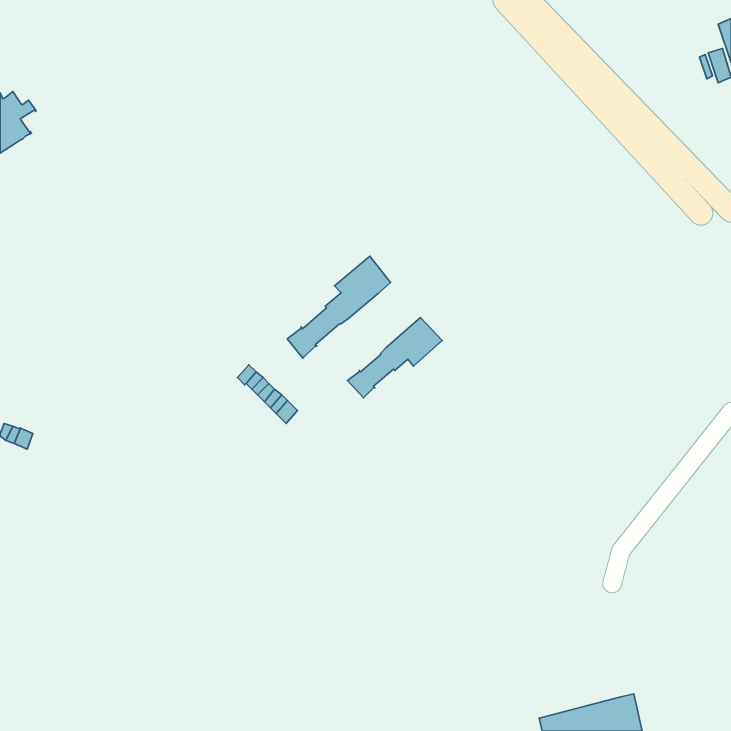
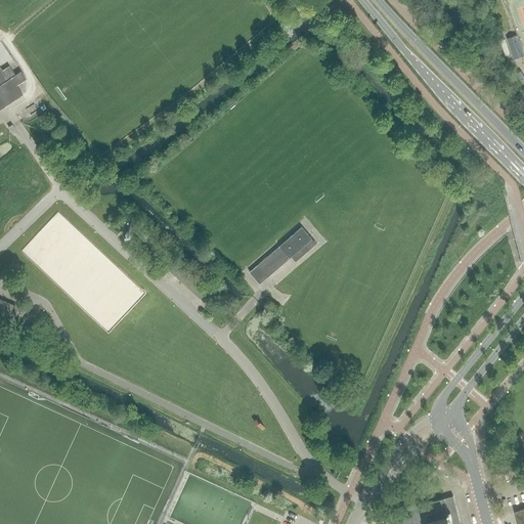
building: [287,256,391,358] -> none

